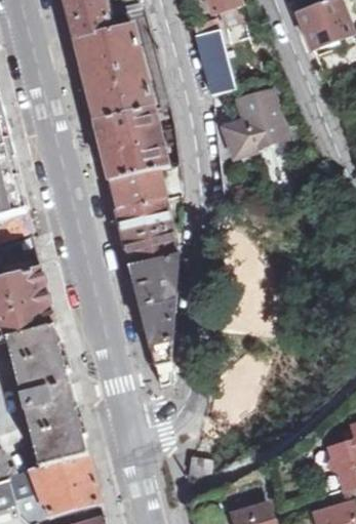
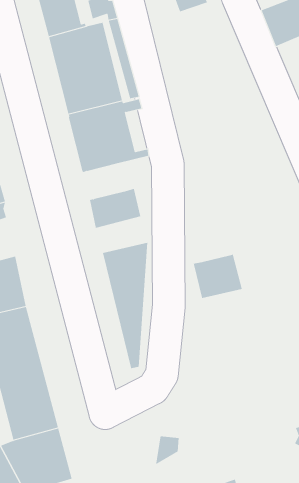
building: [192,19,234,95] -> none
building: [223,89,284,158] -> none
building: [113,172,153,209] -> none
building: [122,228,177,266] -> none
building: none -> [193,254,243,299]

